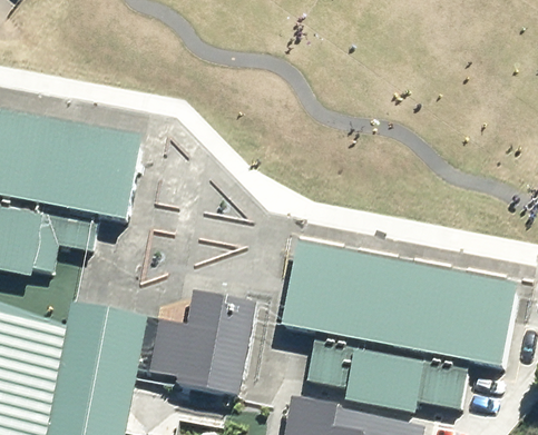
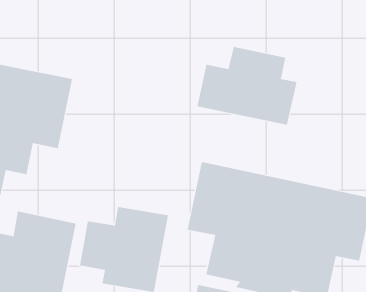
building: none -> [197,46,297,126]

